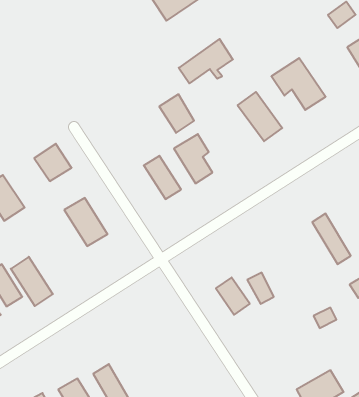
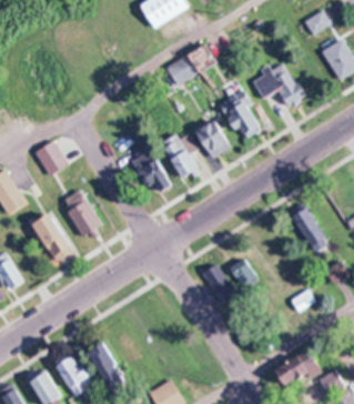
building: [159,94,194,133] -> [198,121,230,156]
building: [11,257,53,306] -> [34,214,73,260]

